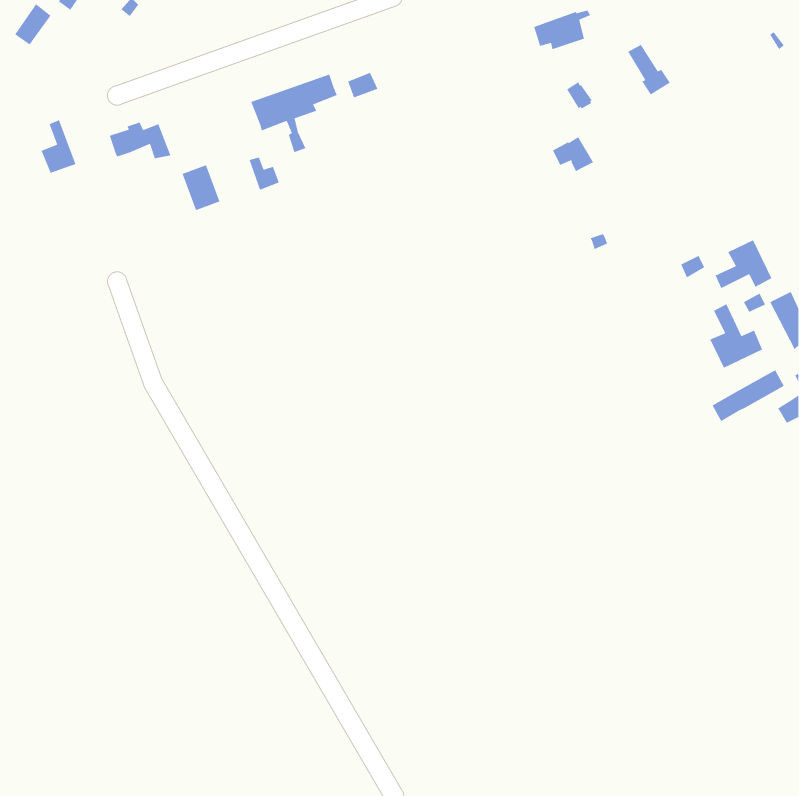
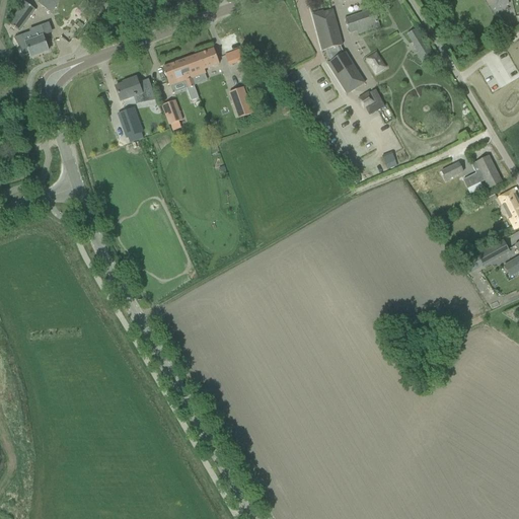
building: none -> [312,10,365,90]
building: [41,119,77,174] -> [25,20,49,56]
building: [109,121,171,159] -> [116,76,156,100]
building: none -> [229,86,252,118]
building: [709,303,763,369] -> none

